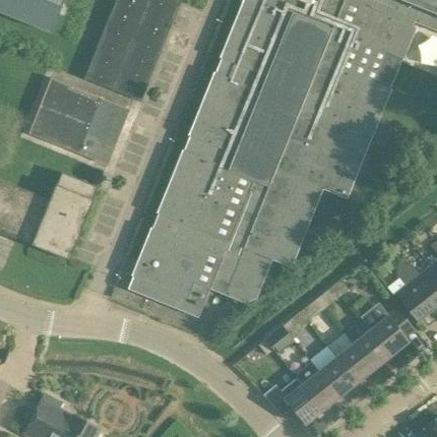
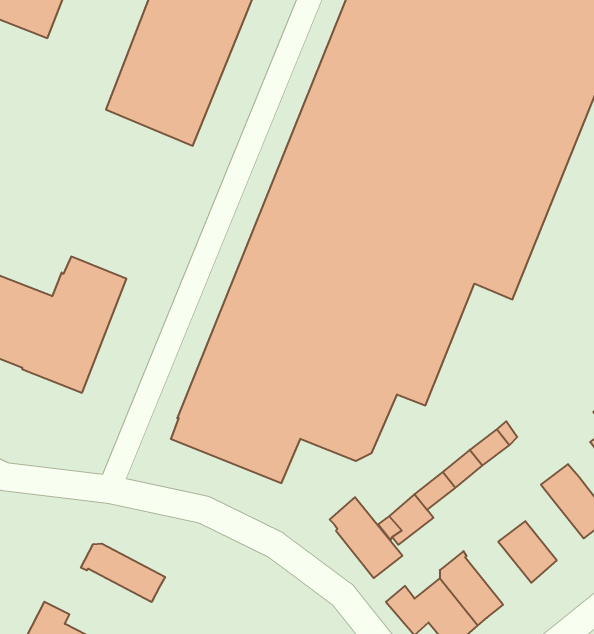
building: [28,77,129,165] -> none
building: [354,328,391,368] -> none
building: [311,345,358,396] -> [330,497,402,578]
building: none -> [81,544,165,602]

